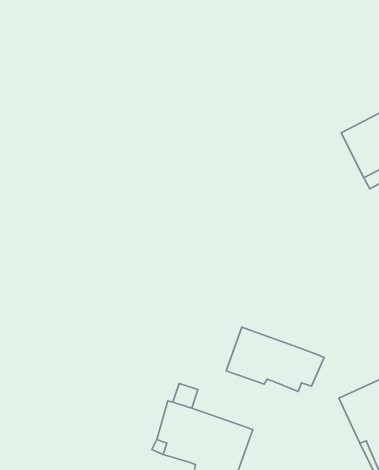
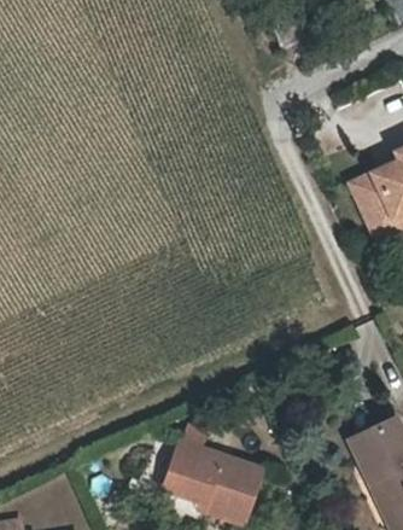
building: [226,327,324,391] -> none

